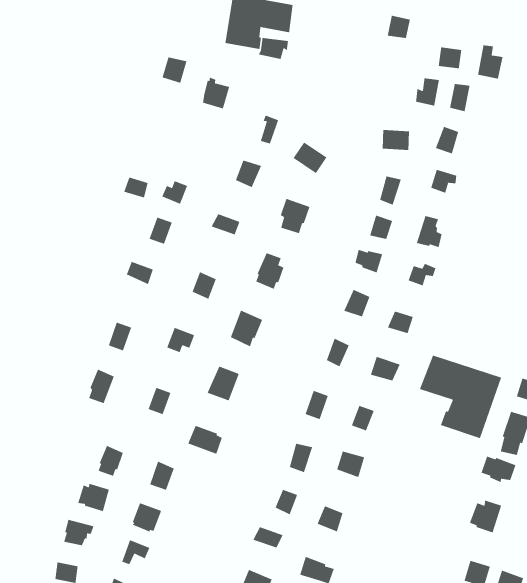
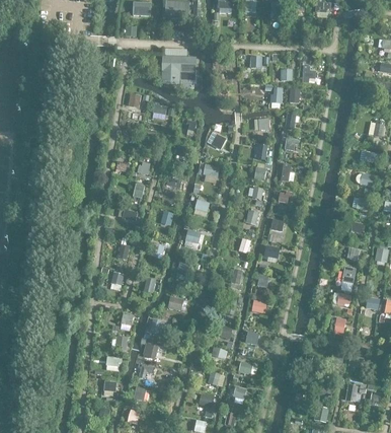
building: [419,355,502,439] -> none

